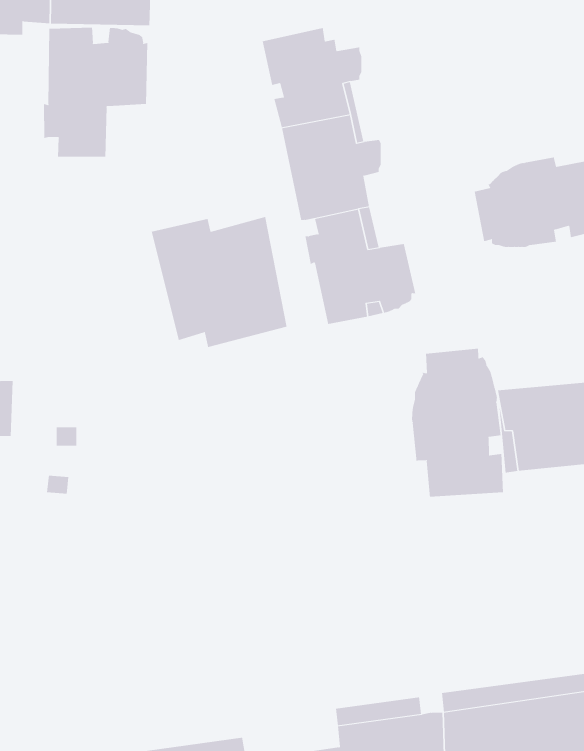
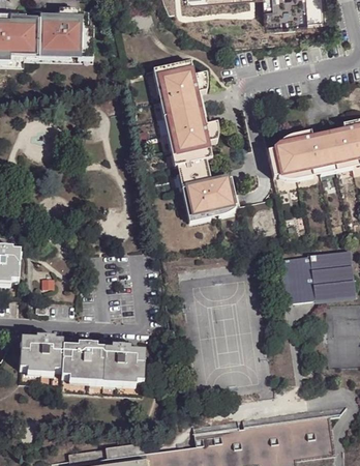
building: [44,27,148,157] -> none
building: [151,216,287,348] -> none
building: [412,348,504,497] -> none
building: none -> [20,340,145,383]

